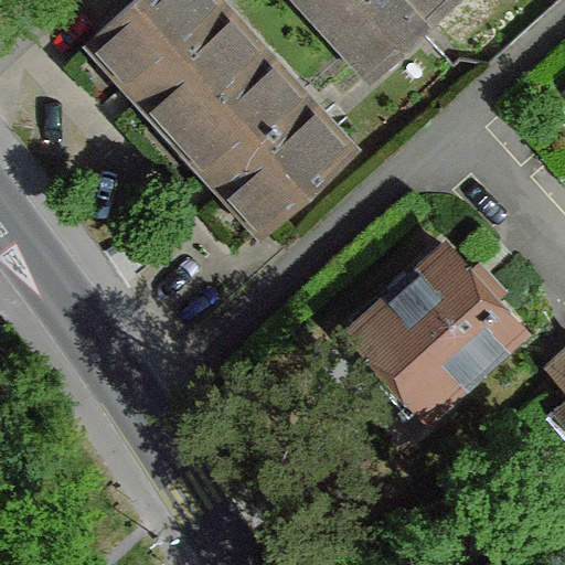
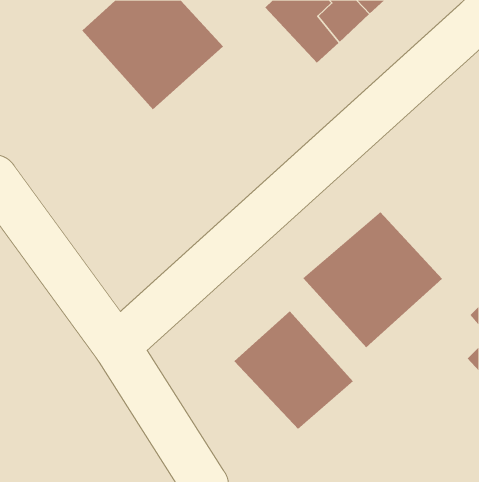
building: [178,57,345,225] -> none
building: none -> [234,311,354,430]

